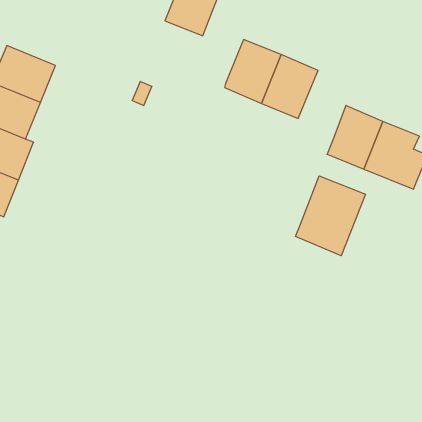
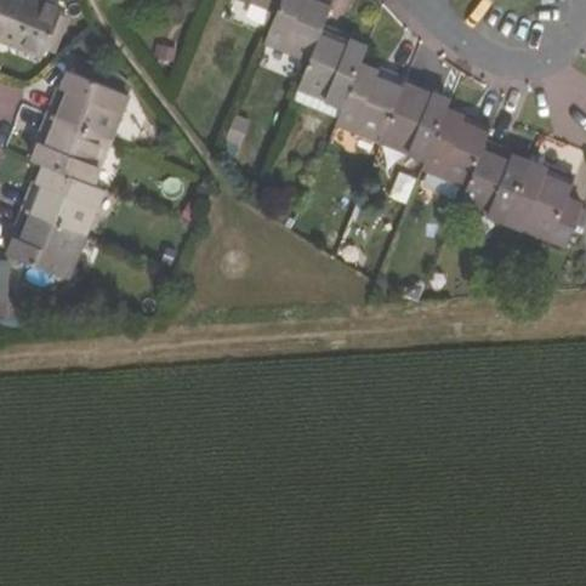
building: none -> [291,28,365,116]
building: none -> [422,109,490,184]
building: [296,176,366,256] -> none

